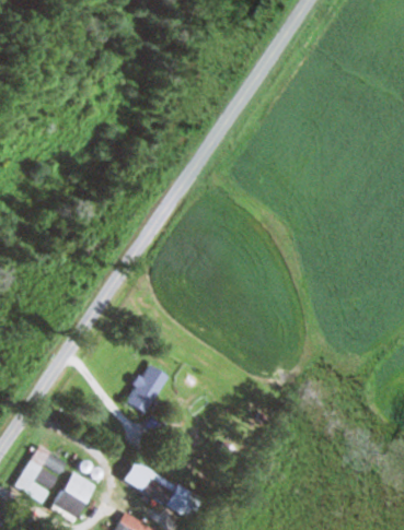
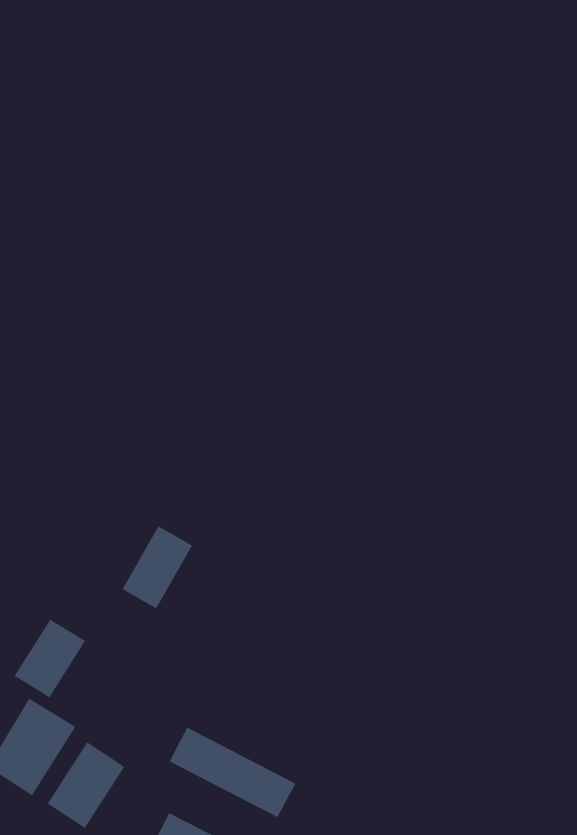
building: [125,363,168,413] -> [122,525,193,609]
building: none -> [14,619,86,698]

